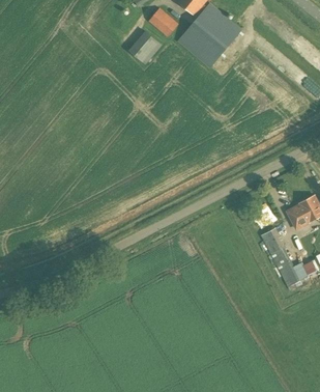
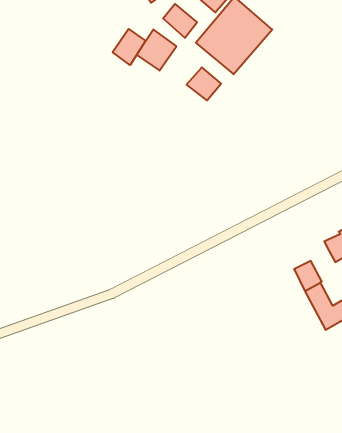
building: none -> [113,29,145,65]
building: none -> [187,67,221,100]

